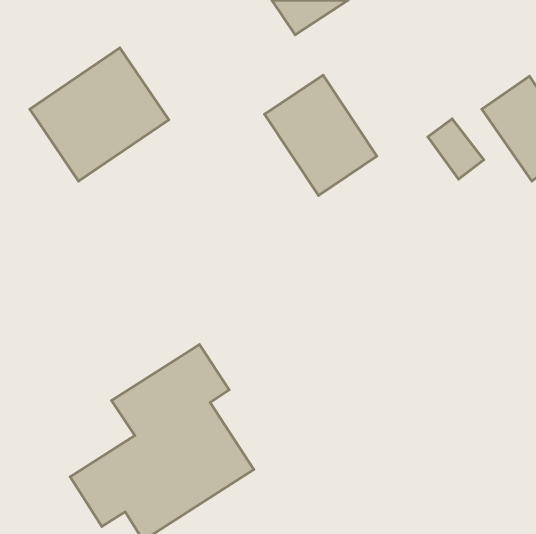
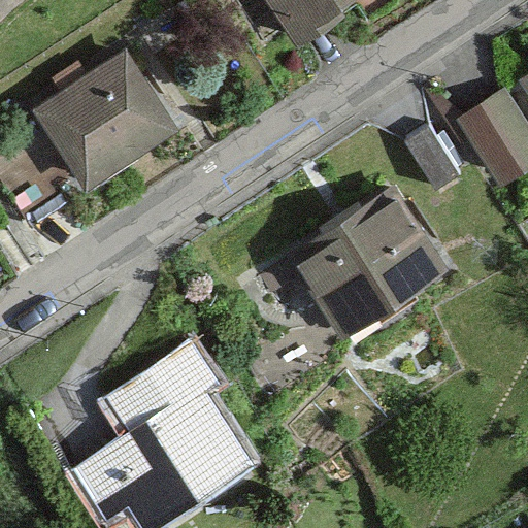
building: [265,75,377,195] -> none
building: none -> [288,188,442,332]

